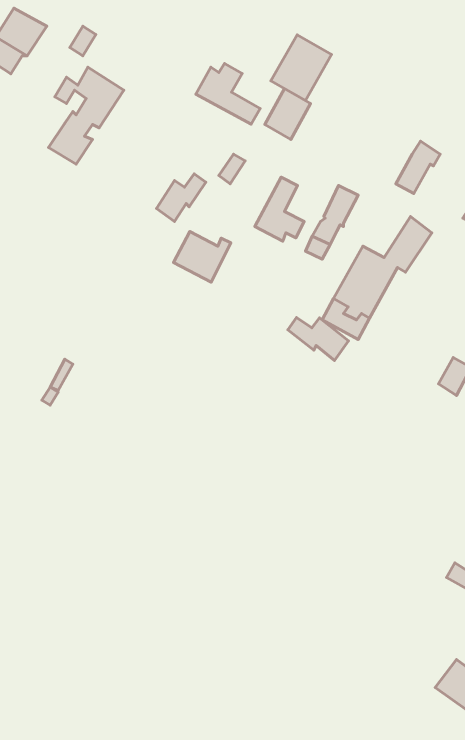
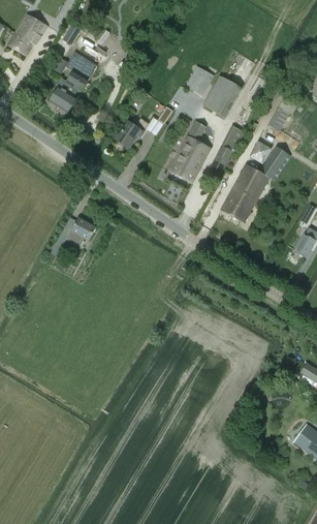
building: [271,35,332,100] -> [203,74,242,116]
building: [196,63,260,124] -> none
building: [174,231,231,282] -> [168,151,204,183]
building: [288,318,348,360] -> none
building: none -> [66,216,96,244]

